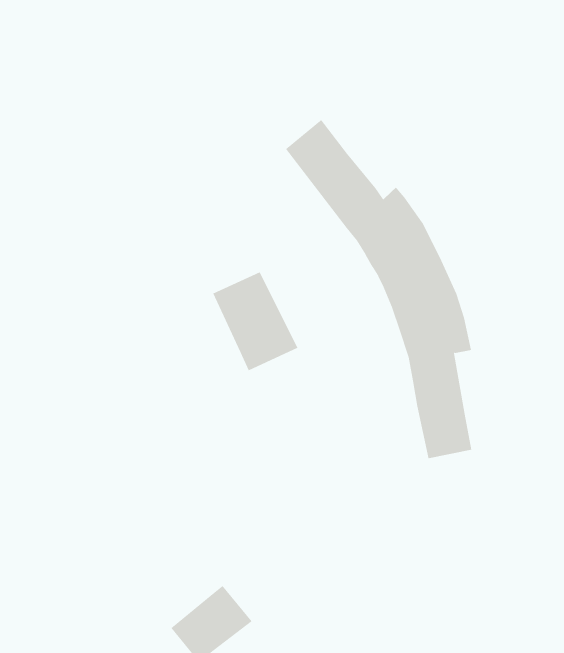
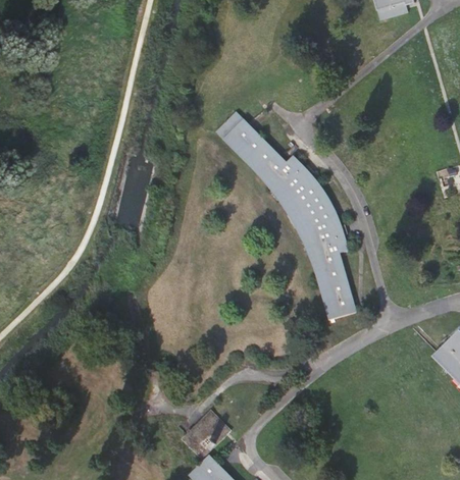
building: [213,271,298,371] -> none

